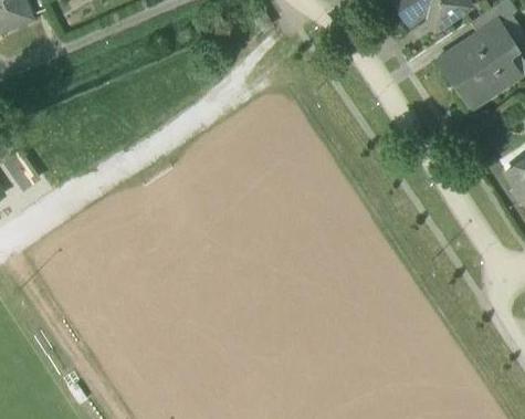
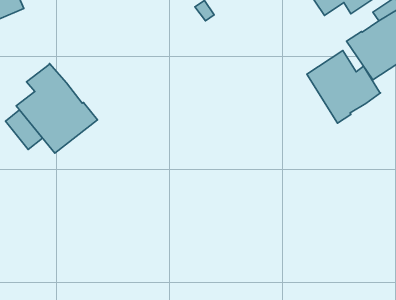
building: none -> [307,51,380,123]
building: none -> [16,63,98,153]

